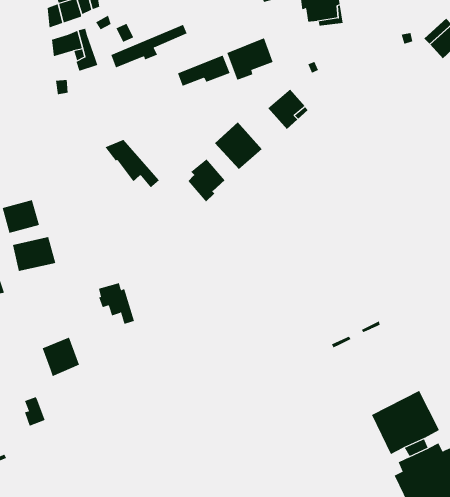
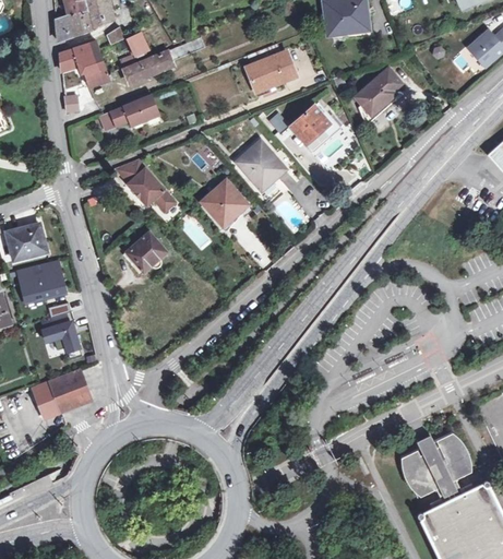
building: none -> [354,66,405,123]
building: [177,55,230,86] -> [100,96,157,130]
building: none -> [122,233,166,273]
building: [98,282,135,324] -> [41,314,81,359]
building: [24,397,46,426] -> [35,380,58,412]

